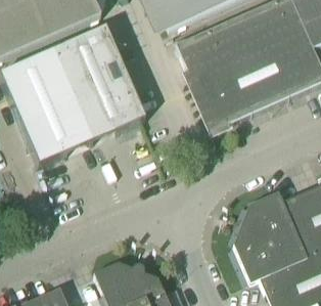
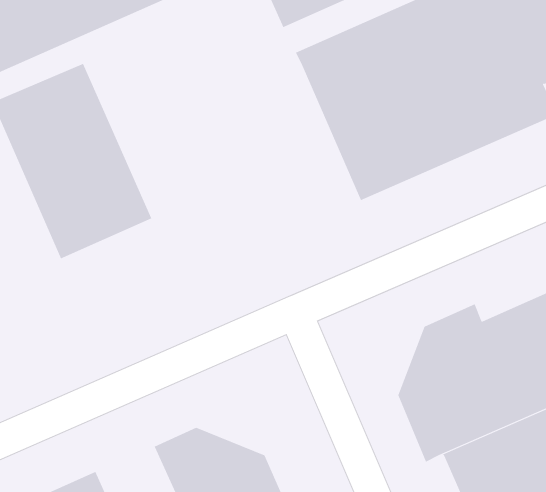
building: [51,28,144,141] -> none

